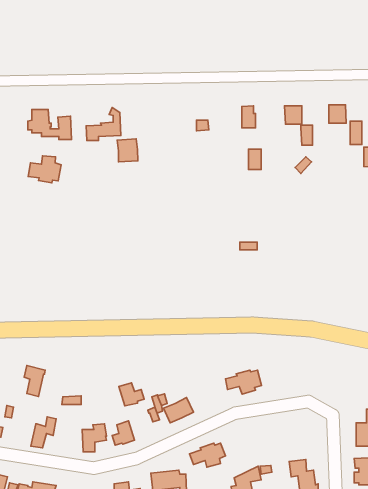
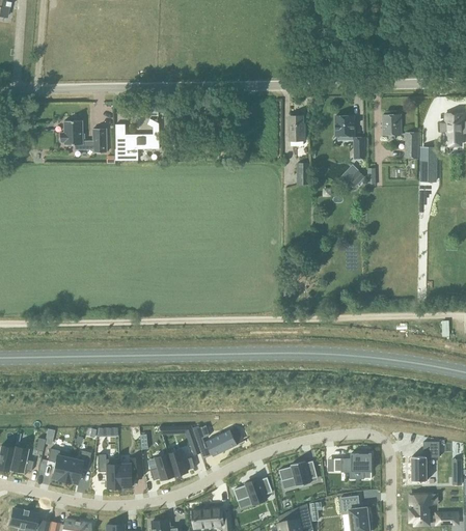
building: [117,139,138,162] -> none
building: [28,156,61,183] -> none
building: [24,365,45,396] -> [48,448,71,481]
building: [226,370,261,394] -> [279,460,318,486]
building: [119,383,144,406] -> [168,450,195,475]
building: none -> [334,453,372,479]
building: none -> [98,454,119,487]

